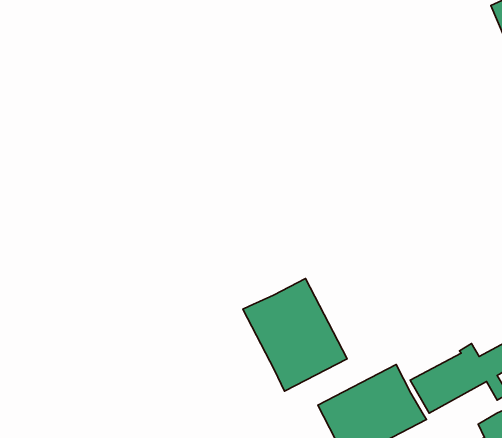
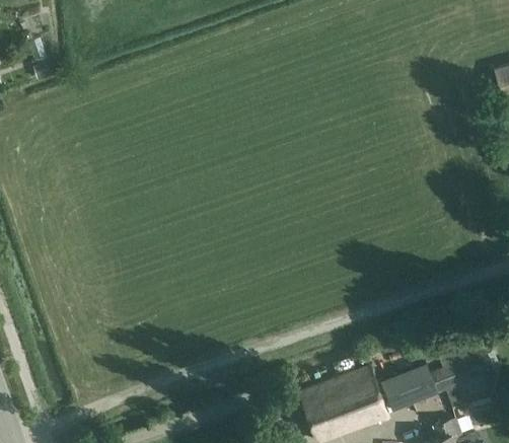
building: [243,278,347,391] -> none

